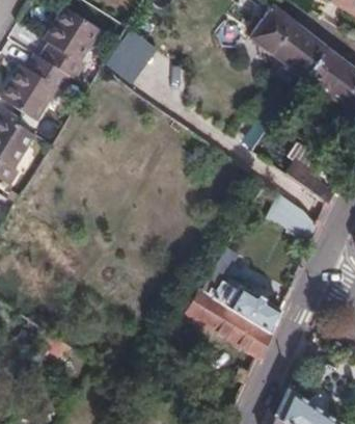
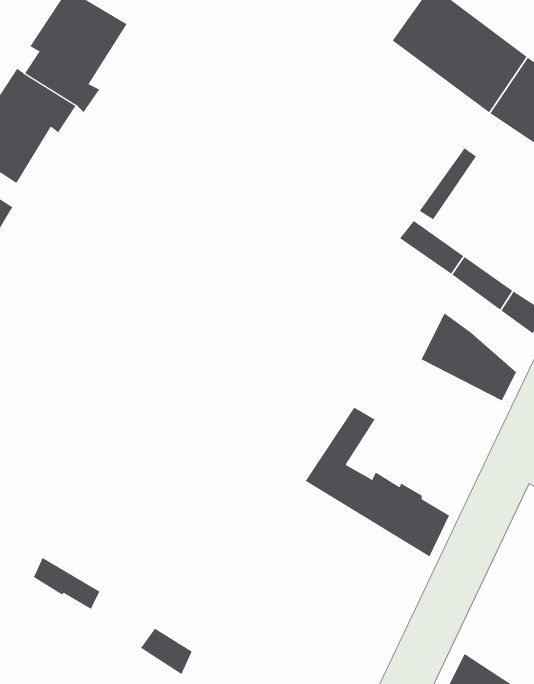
building: [110,33,159,84] -> none
building: [186,290,271,356] -> none

